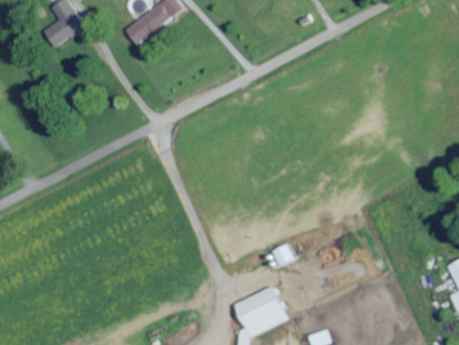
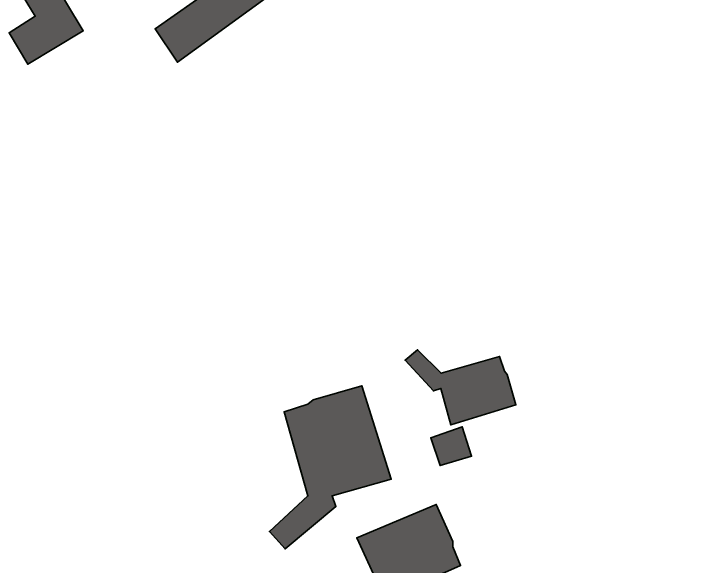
building: none -> [405,350,516,425]
building: none -> [269,386,391,549]

